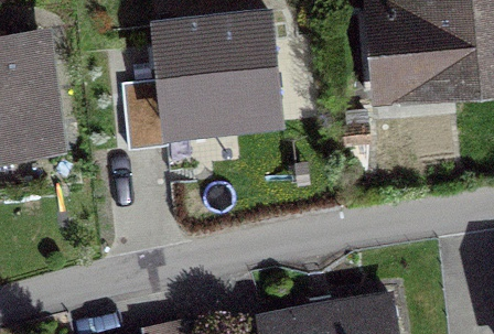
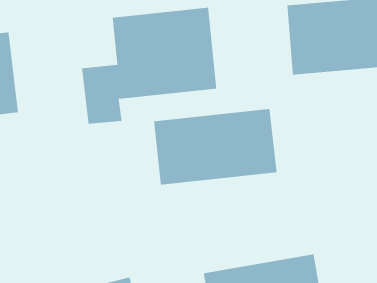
building: none -> [153,108,277,186]

